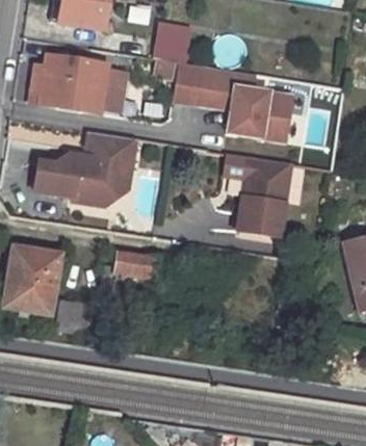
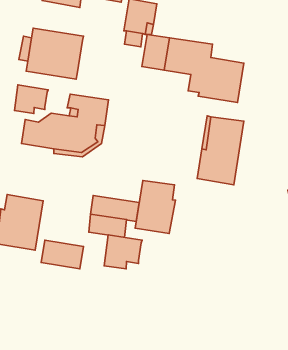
building: [98,69,125,111] -> none
building: none -> [15,85,48,114]
building: none -> [135,180,176,234]
building: none -> [104,235,142,269]

